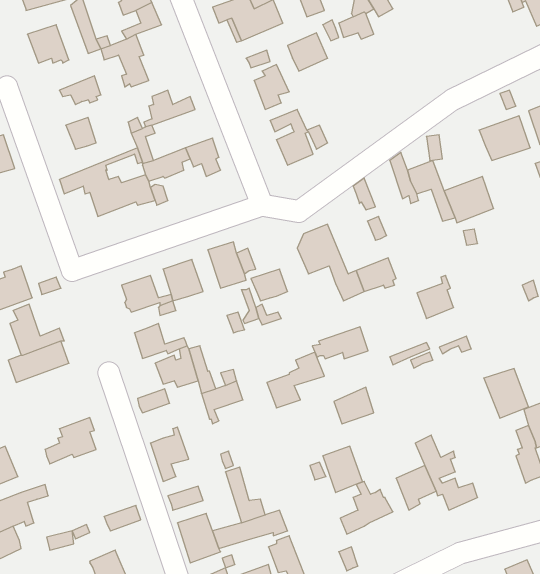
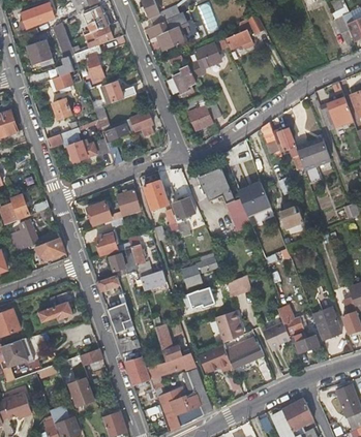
building: [312,327,368,359] -> [183,285,219,306]
building: [484,369,528,418] -> [313,309,342,341]
building: none -> [202,342,228,371]

